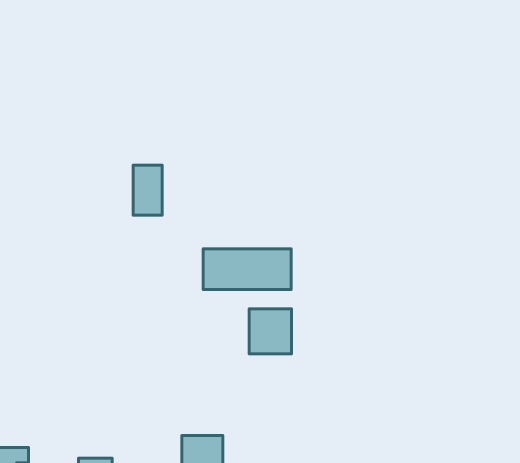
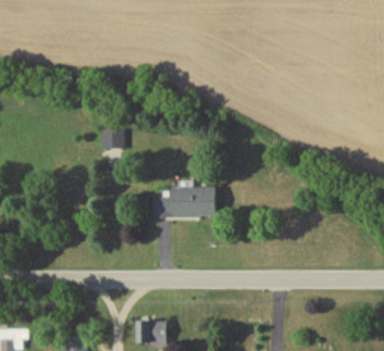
building: [249,309,291,354] -> none

